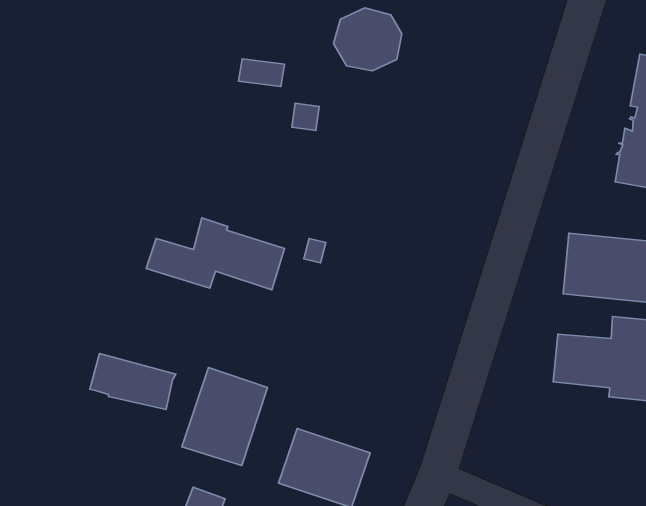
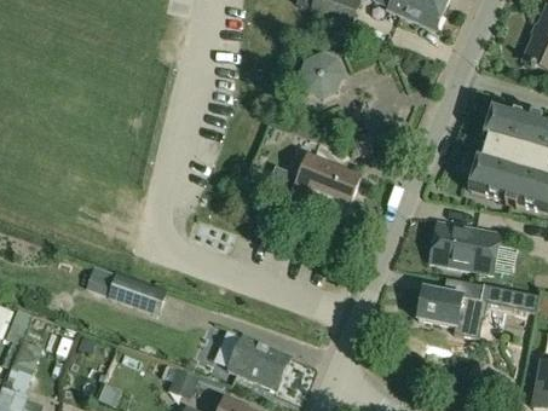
building: [146,218,285,290] -> [266,151,359,203]
building: [182,367,268,466] -> none

